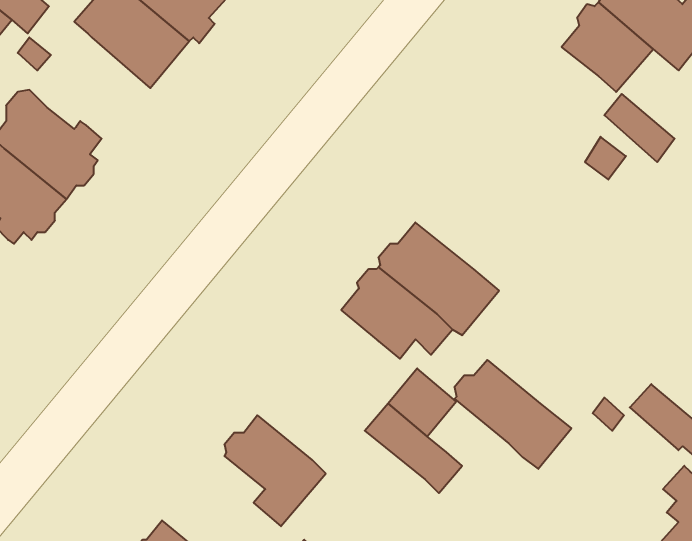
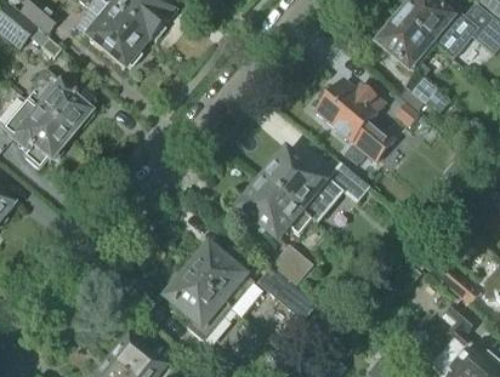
building: none -> [317,79,393,161]
building: none -> [325,160,370,202]
building: [454,360,571,469] -> [189,247,262,315]

